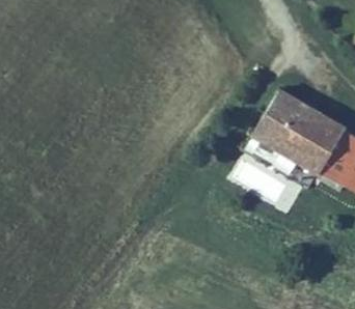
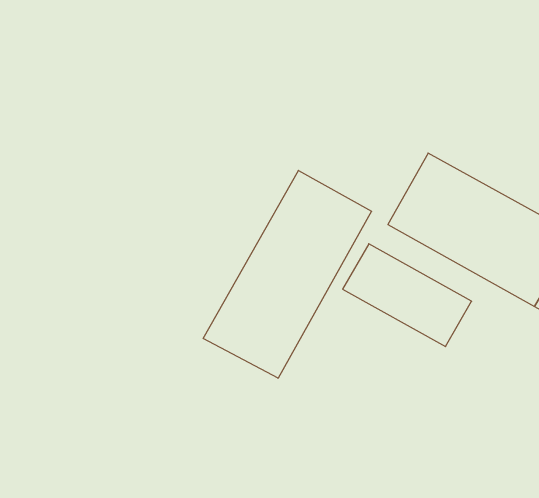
building: none -> [203,170,372,378]

